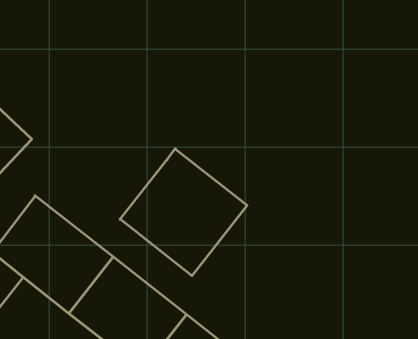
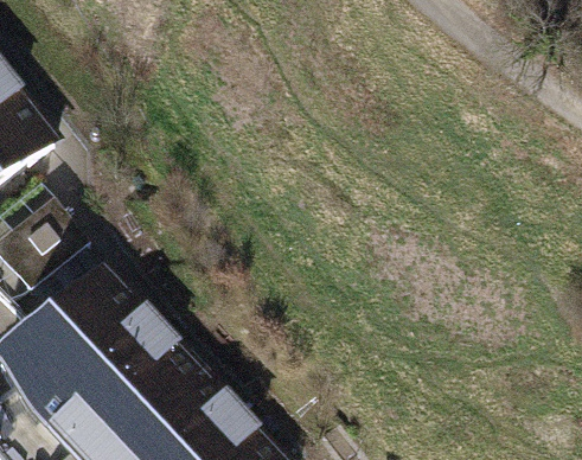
building: [120,149,247,276] -> none

